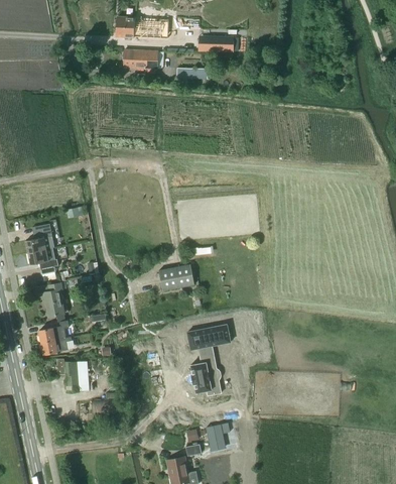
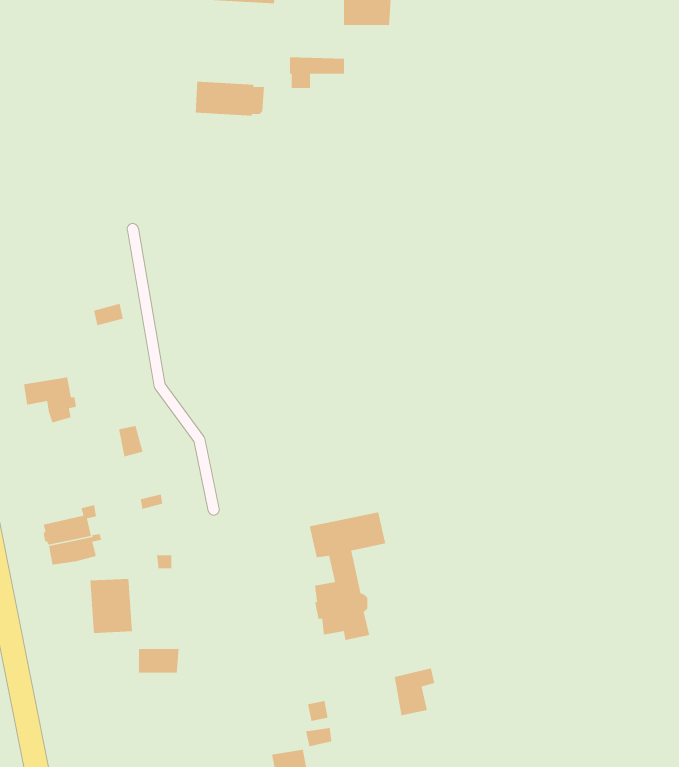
building: [124,48,163,69] -> [195,81,265,117]
building: [24,223,53,251] -> none
building: [157,264,193,289] -> none
building: [42,281,62,316] -> none
building: [206,421,229,449] -> [394,667,435,716]

